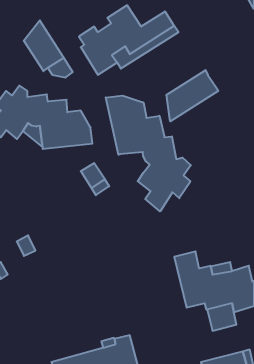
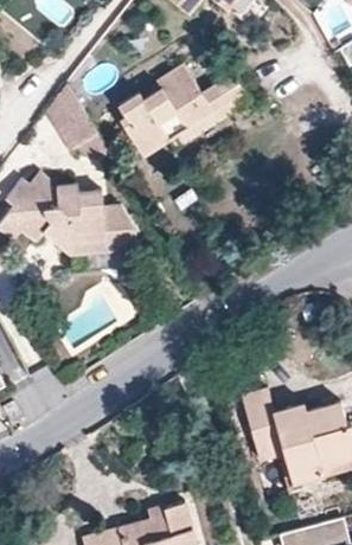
building: [166,70,218,121] -> none
building: [106,96,191,211] -> none

